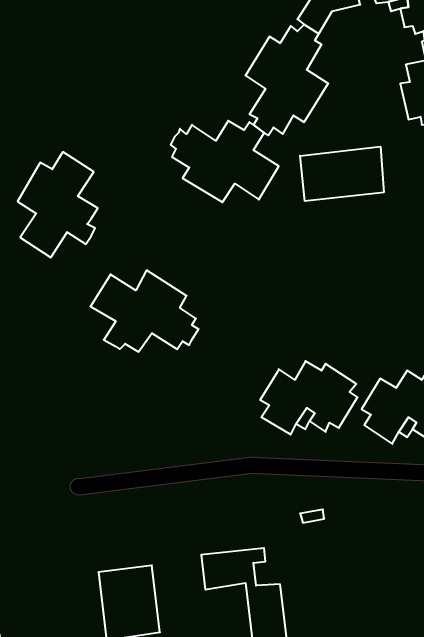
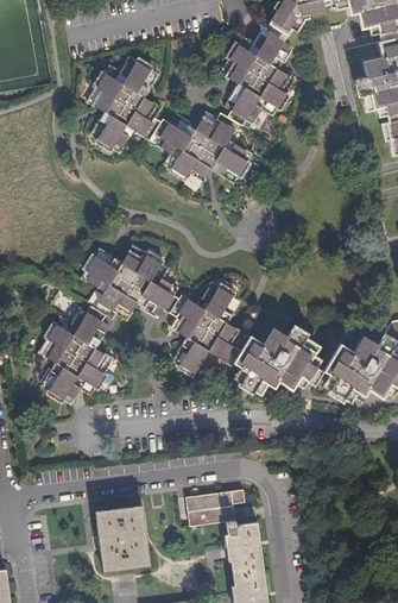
building: [300,147,384,201] -> none
building: [18,152,98,257] -> [90,57,162,151]
building: none -> [173,281,251,375]
building: none -> [42,303,114,401]

